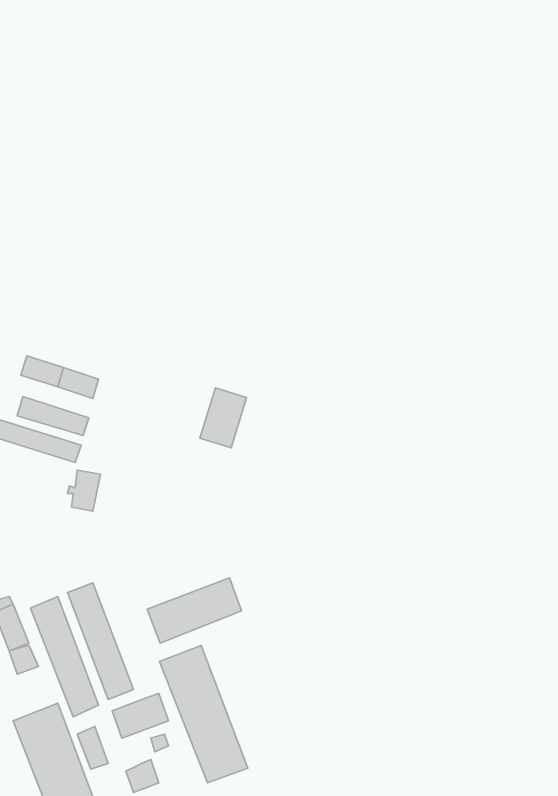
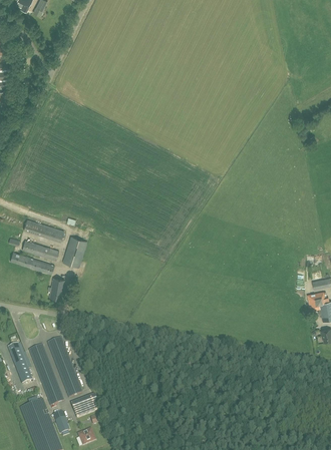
building: [200,388,247,448] -> [62,236,86,267]
building: [147,578,241,643] -> none
building: [159,645,248,783] -> none

